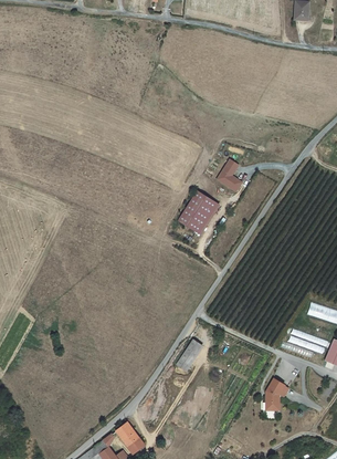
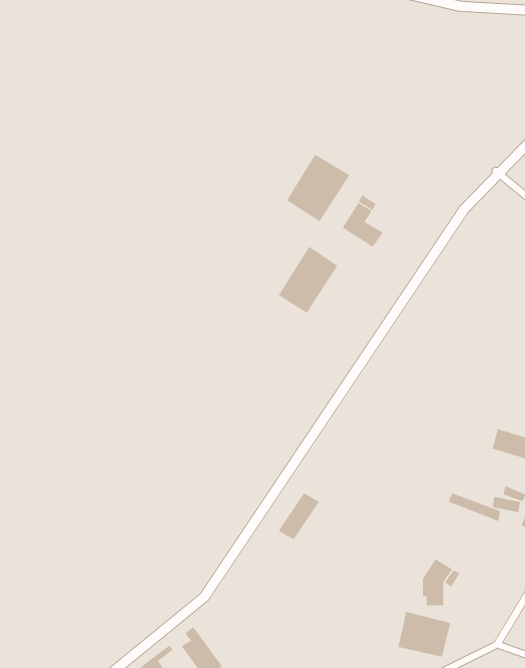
building: none -> [286,154,350,222]
building: none -> [398,611,451,658]

